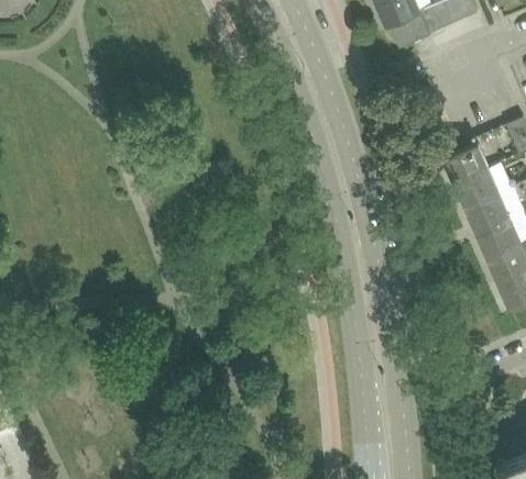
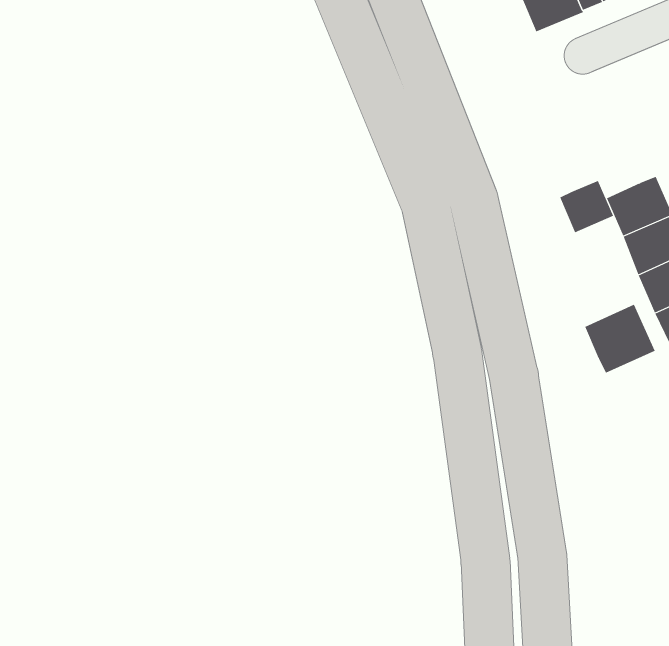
building: none -> [559,180,614,233]
building: none -> [584,304,656,374]

